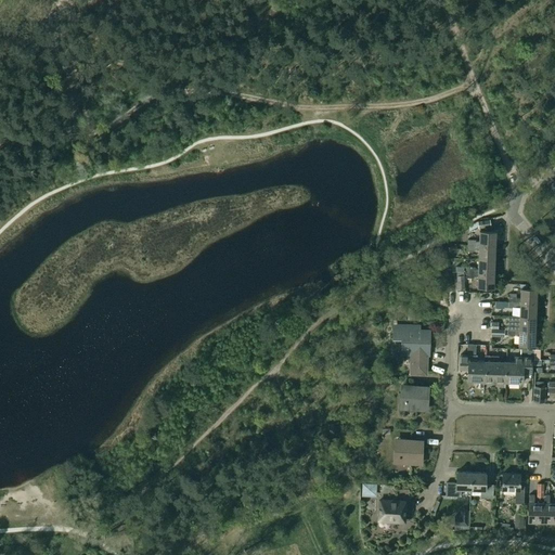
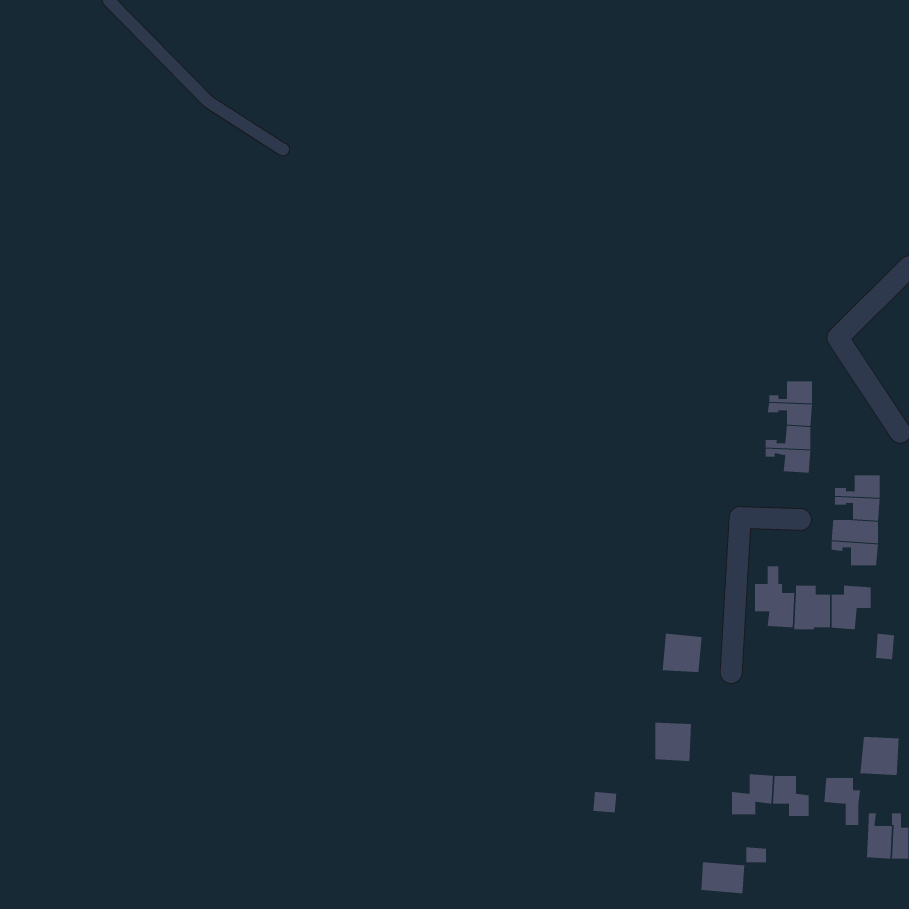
building: [395,325,428,373] -> none
building: none -> [860,736,899,776]
building: [378,500,405,519] -> [701,862,745,894]

